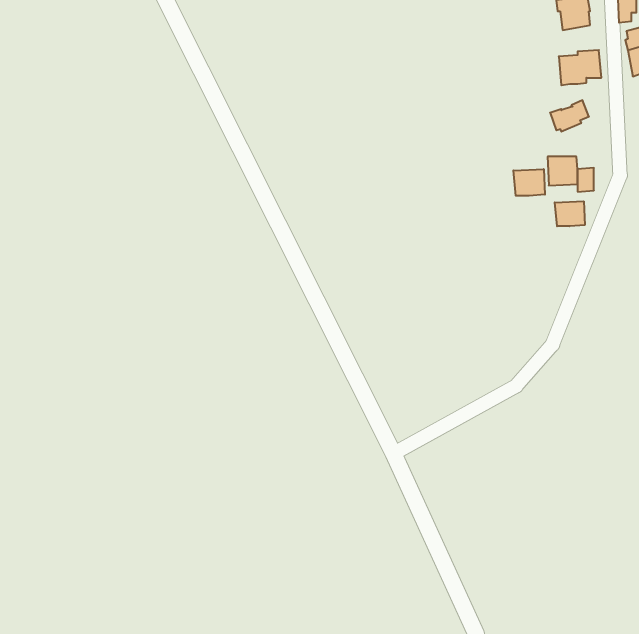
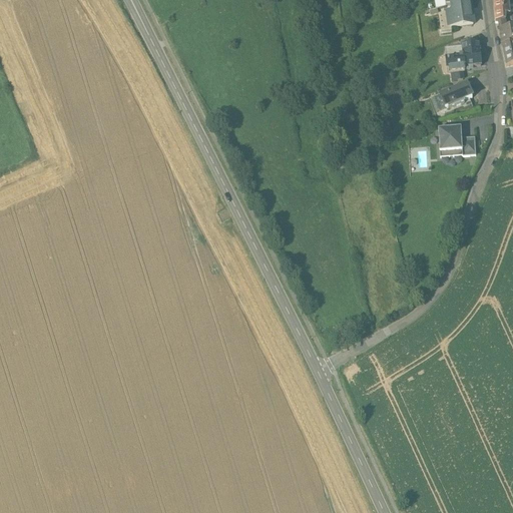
building: [513,169,545,196] -> none
building: [555,201,585,226] -> none

